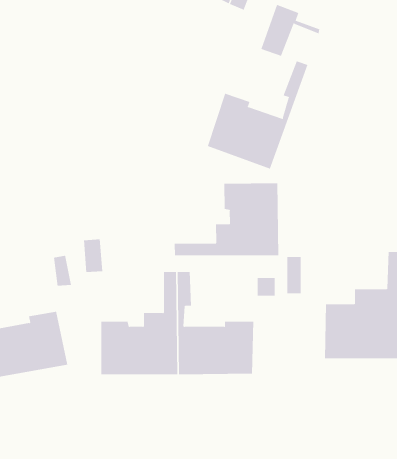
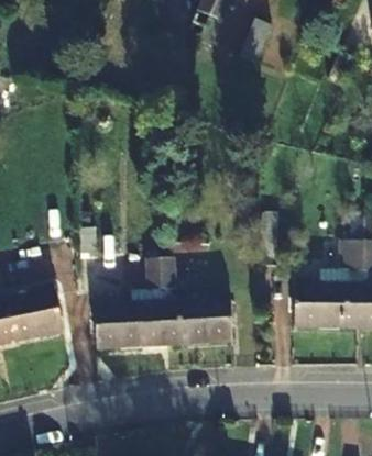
building: [207,61,308,170] -> none
building: [174,183,279,256] -> none

